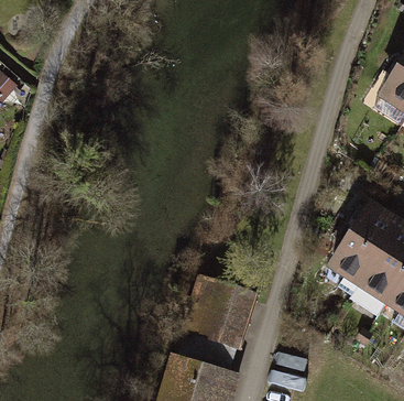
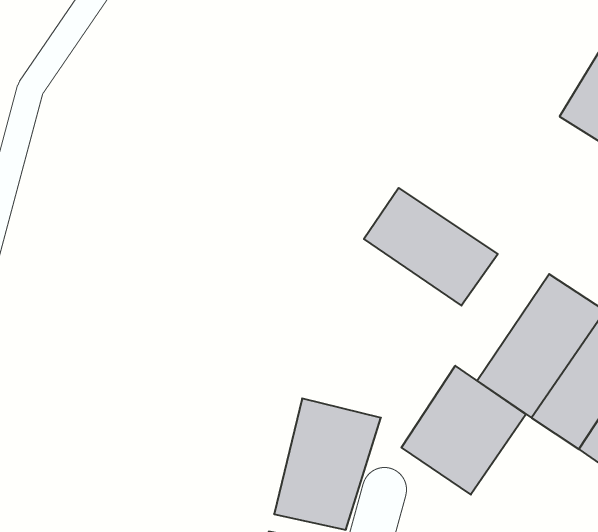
building: none -> [364,188,498,306]
building: none -> [401,366,526,495]

